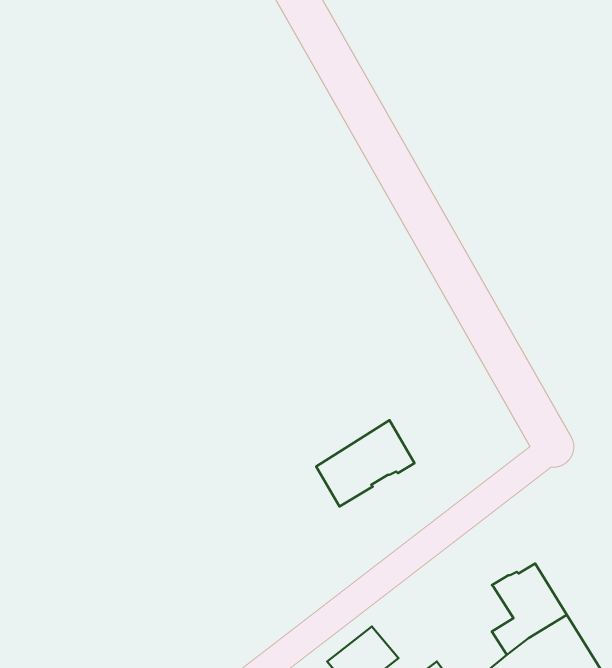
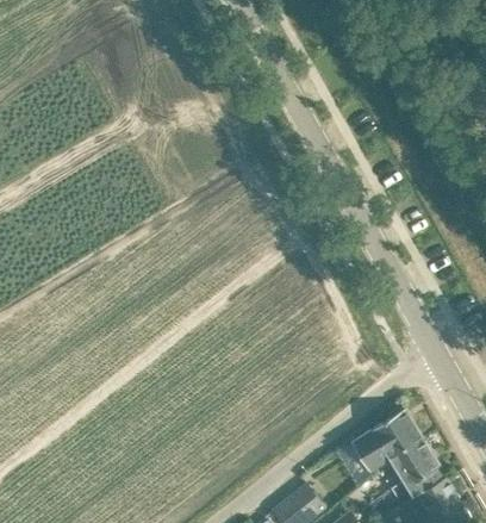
building: [316,420,415,507] -> [351,410,422,472]

